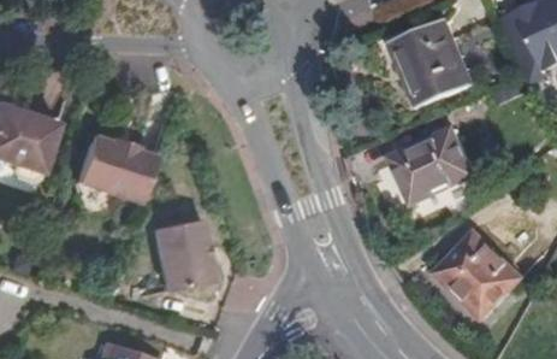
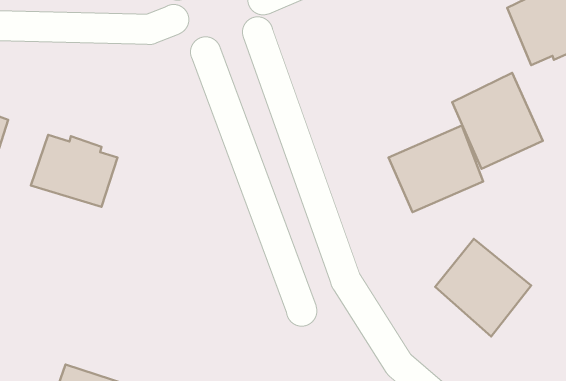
building: [396,20,478,107] -> [452,73,543,169]
building: [155,218,214,289] -> none

